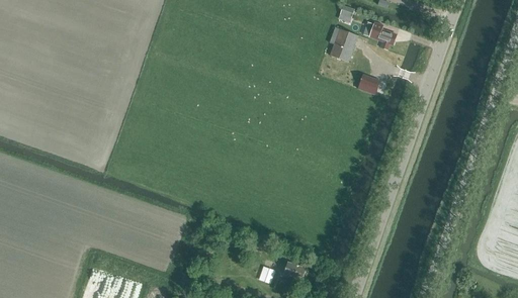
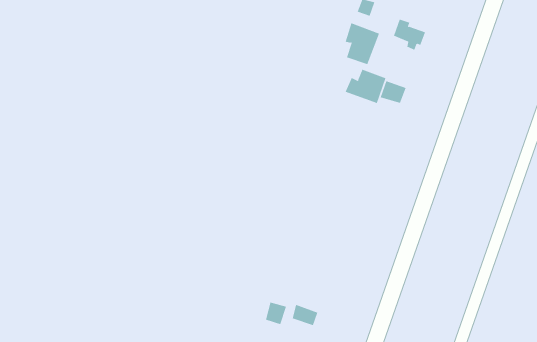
building: none -> [345,69,386,104]

